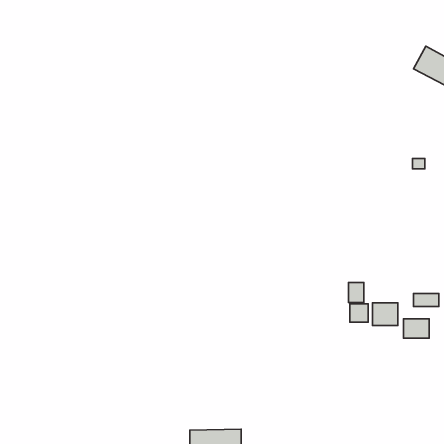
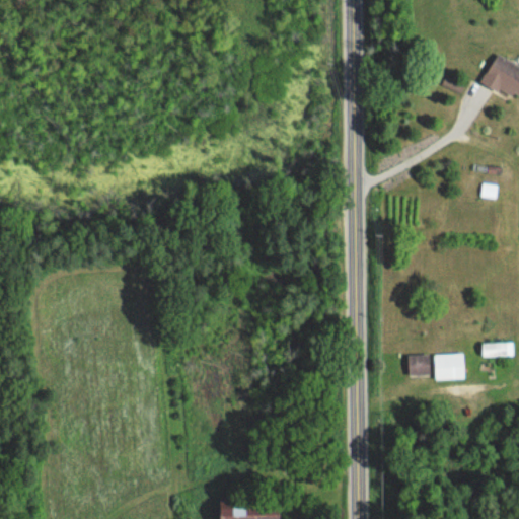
building: [349,282,364,303] -> none
building: [403,319,429,338] -> none

